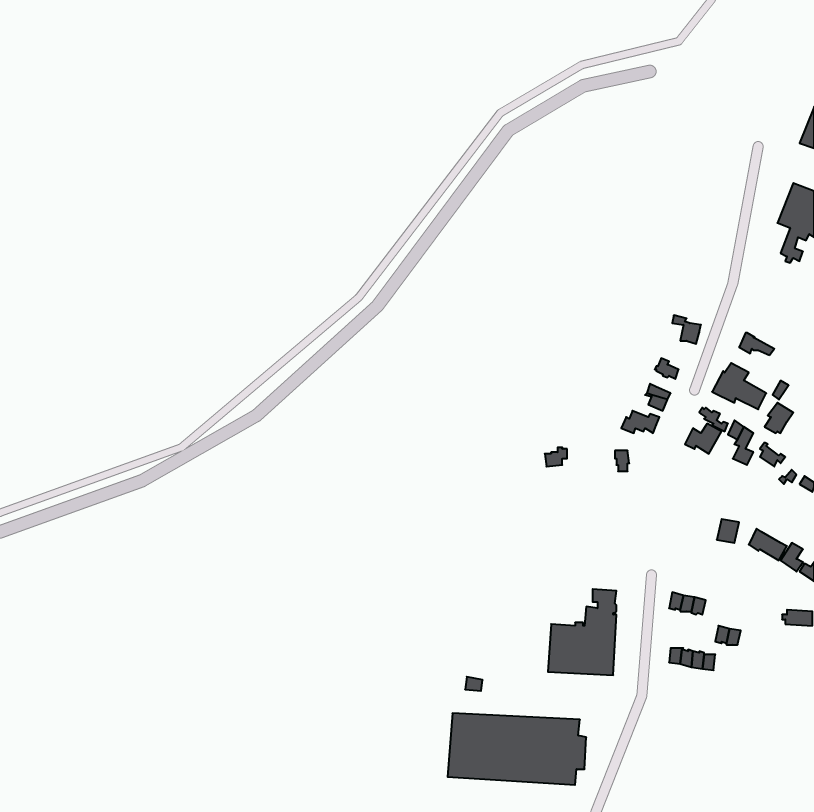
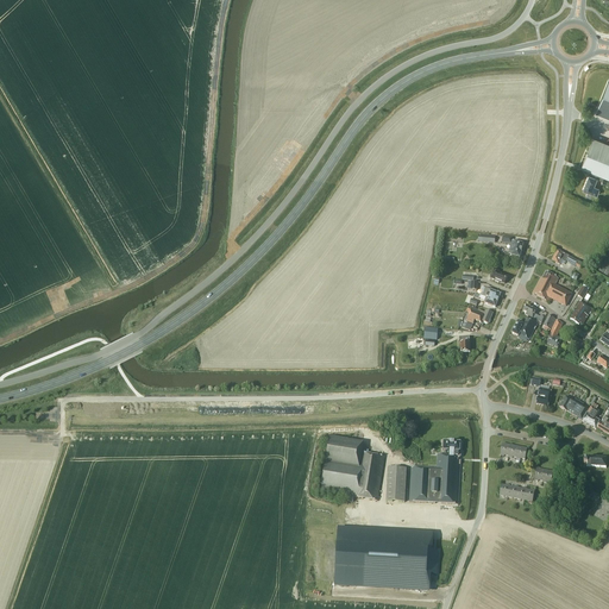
building: none -> [321,437,384,501]
building: none -> [385,465,407,502]

